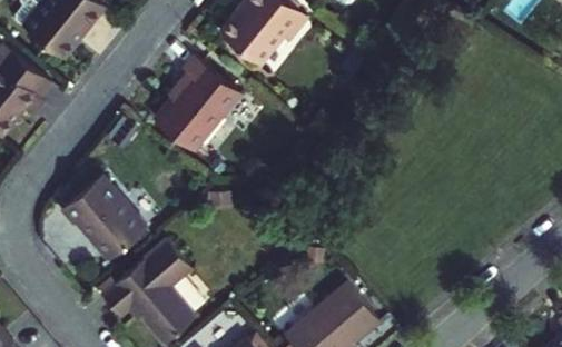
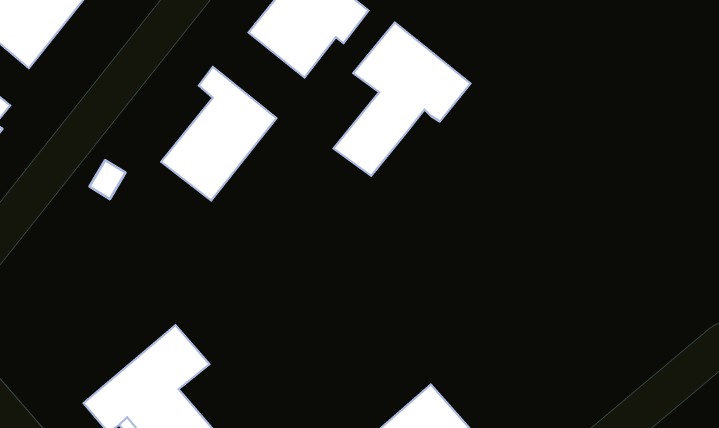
building: none -> [333,23,471,176]
building: [60,179,147,264] -> none

